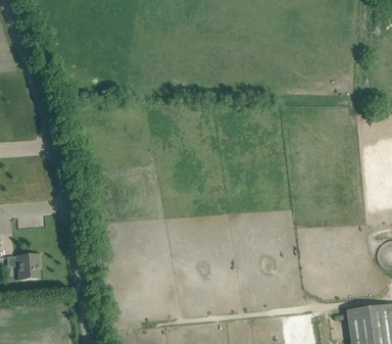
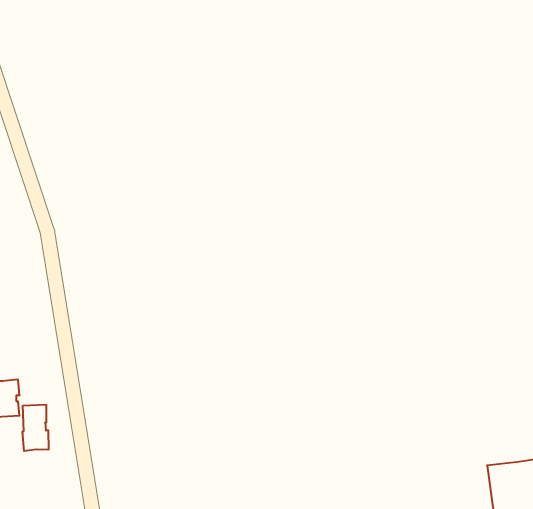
building: none -> [23,405,48,451]

